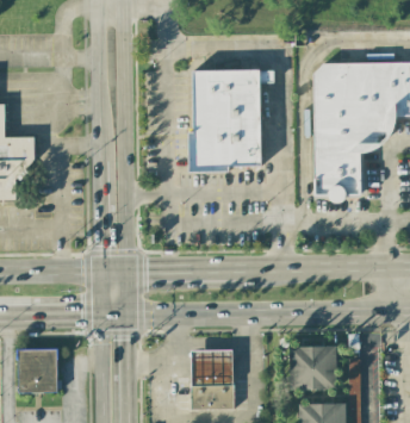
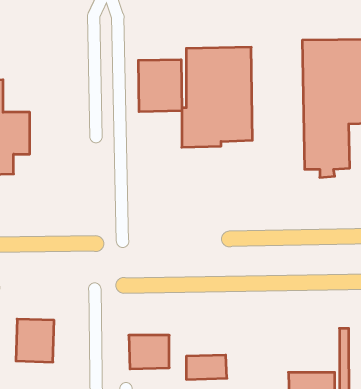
building: none -> [138,60,182,112]
building: [288,347,336,390] -> none
building: [192,353,234,387] -> [129,335,169,369]

